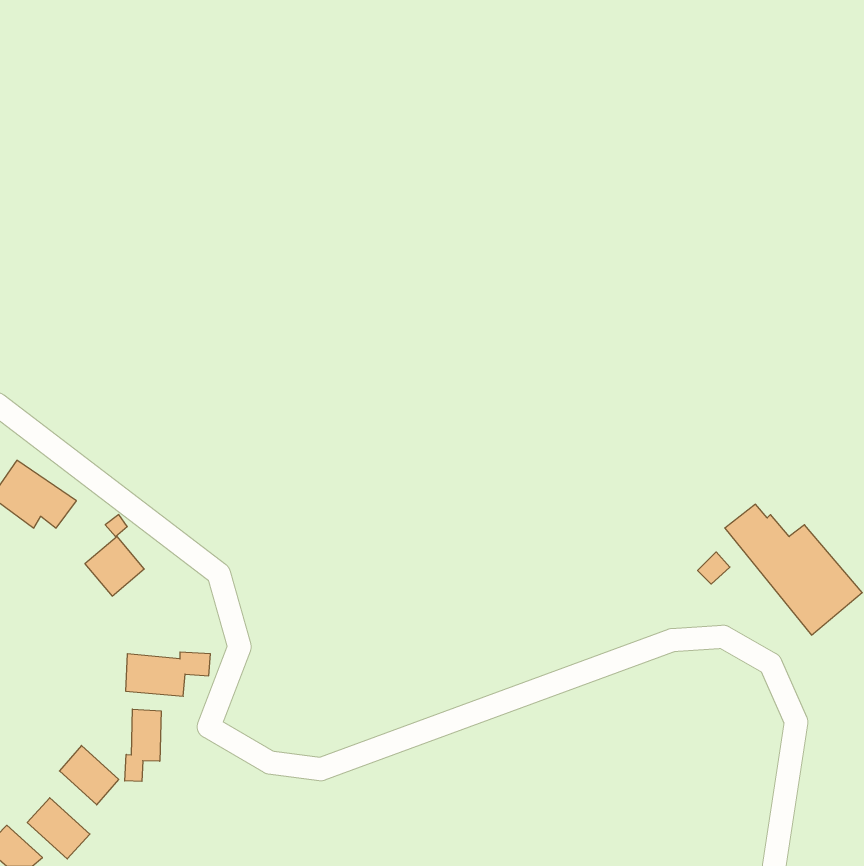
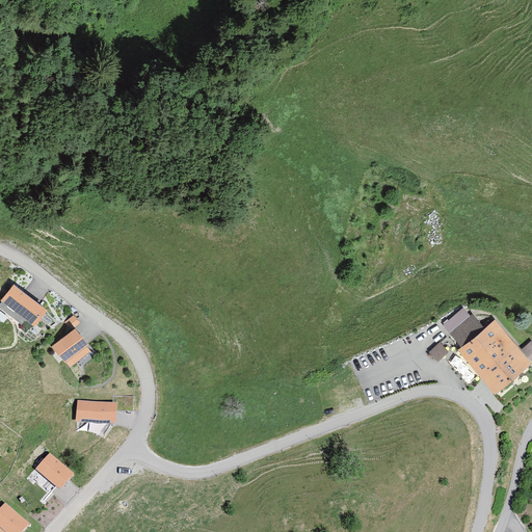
building: [125,709,161,781] -> none
building: [27,798,90,859] -> none

